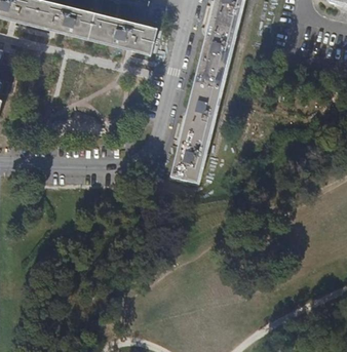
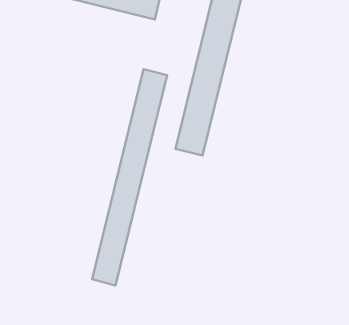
building: none -> [92,69,167,285]

